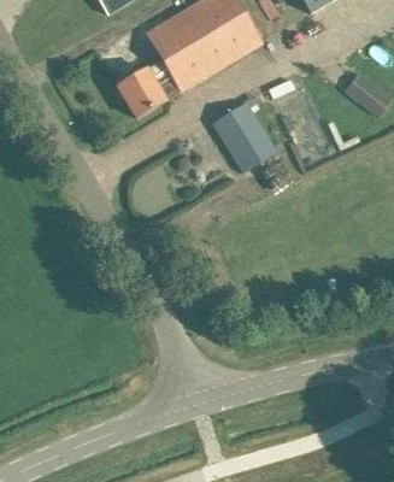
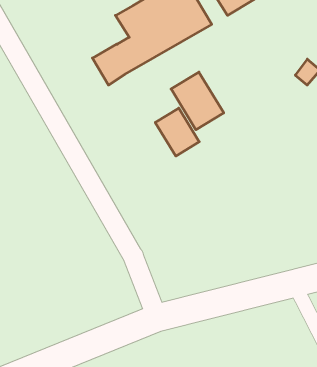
building: none -> [155,108,199,156]

